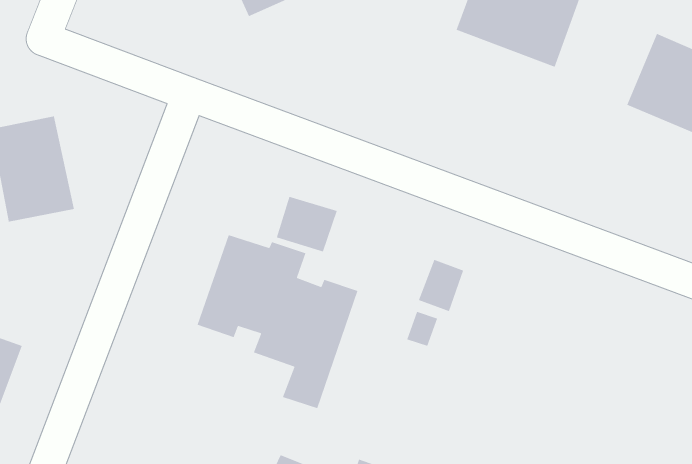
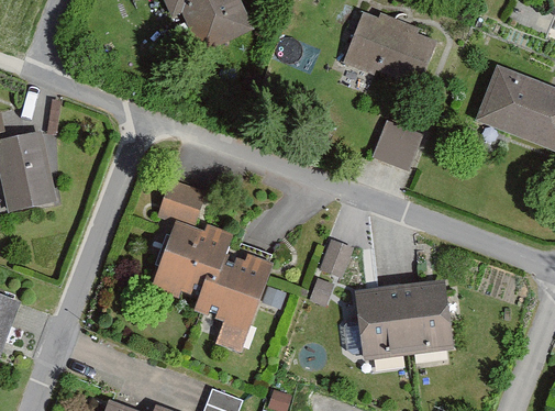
building: none -> [370,118,424,165]
building: [276,196,338,252] -> [158,178,206,221]
building: none -> [353,279,454,362]

